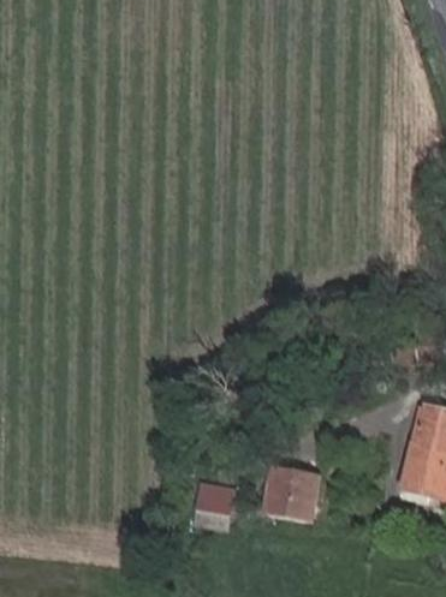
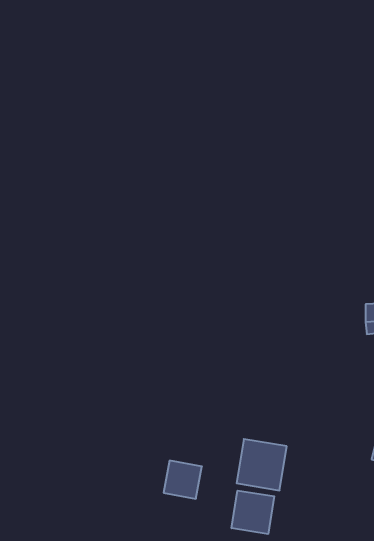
building: none -> [232,491,274,534]

